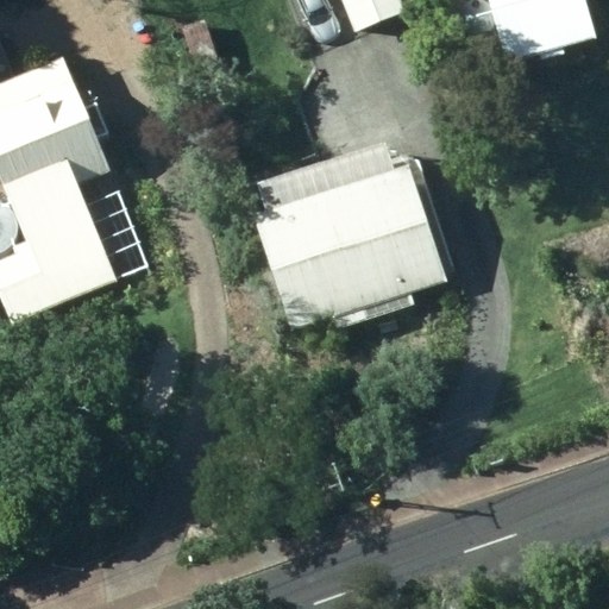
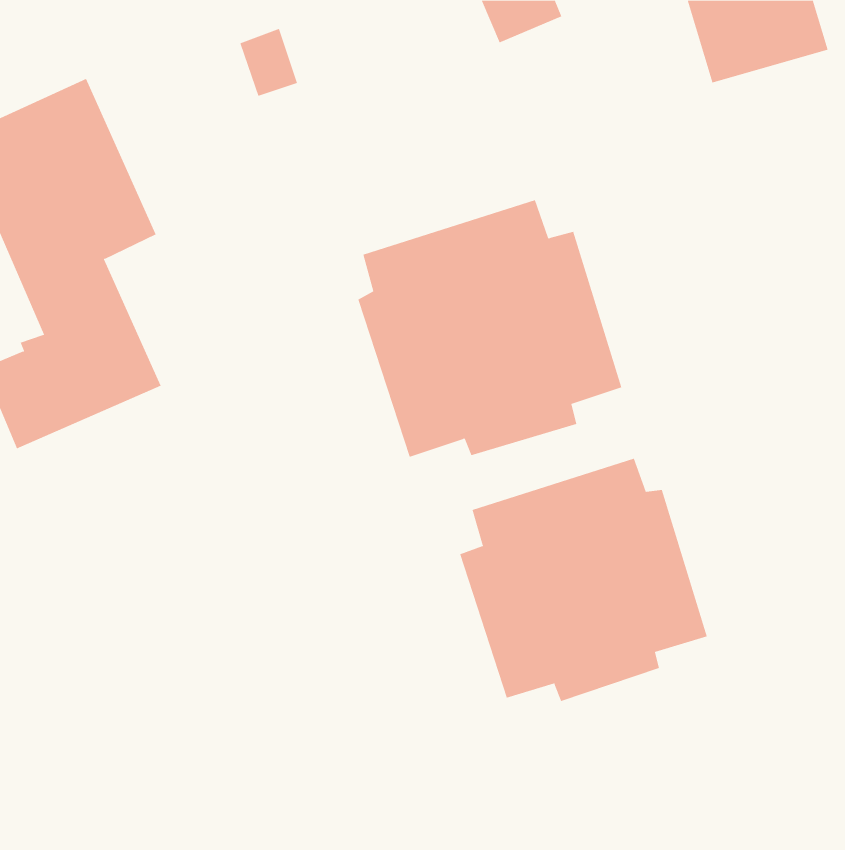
building: none -> [460,458,707,702]

